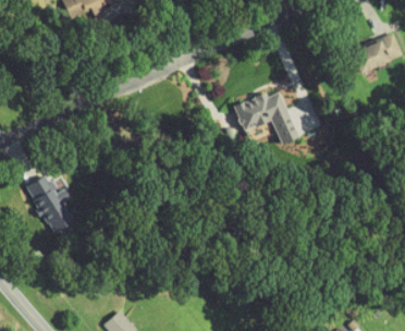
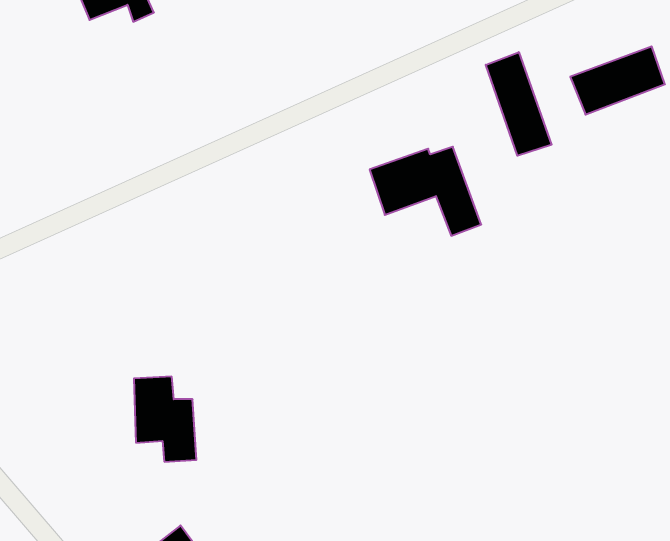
building: none -> [486,52,552,156]
building: [30,179,66,228] -> [134,377,196,462]

